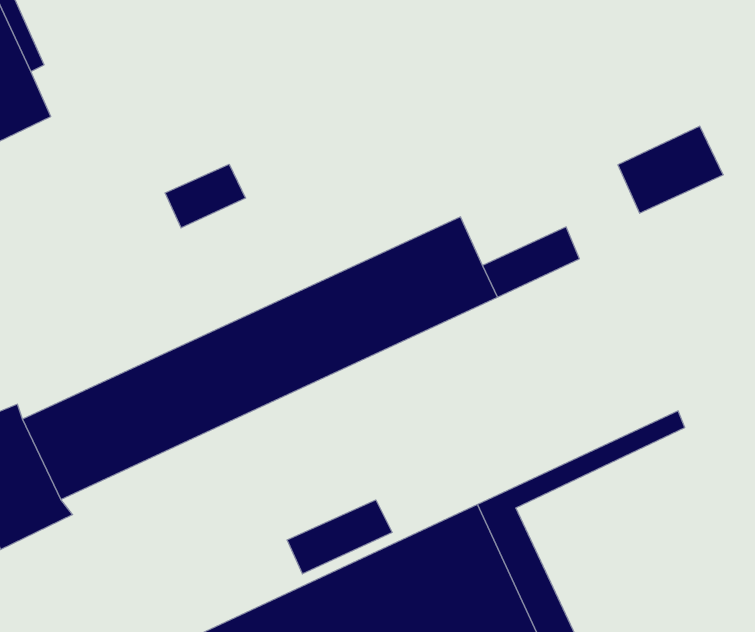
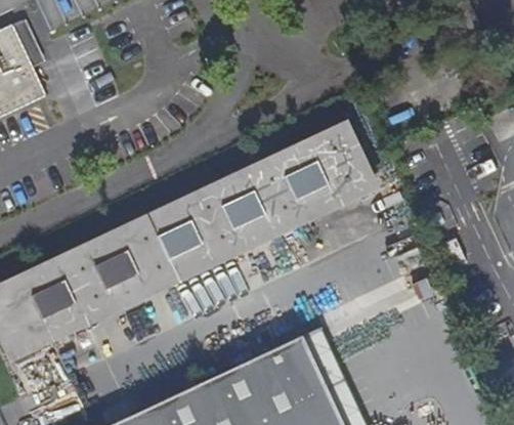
building: [618,126,723,213] -> [293,135,357,188]
building: [165,164,246,228] -> none
building: [287,500,392,574] -> none

